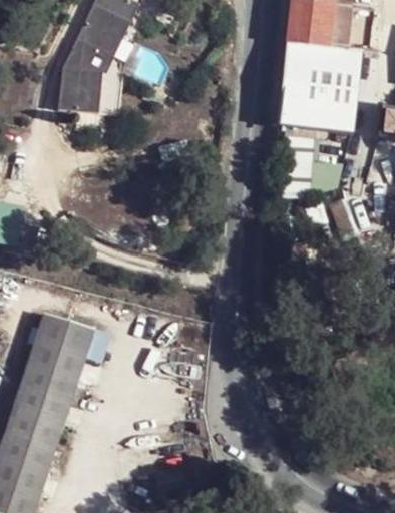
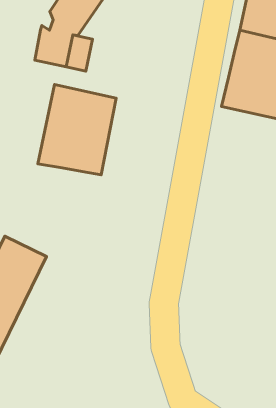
building: none -> [38,84,116,175]

